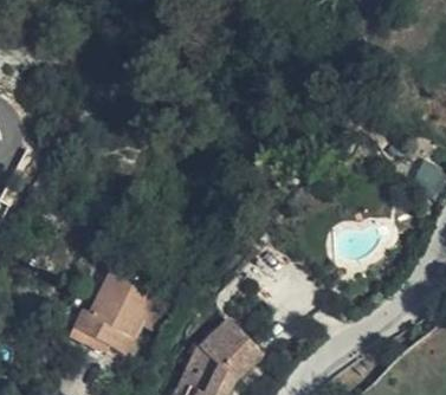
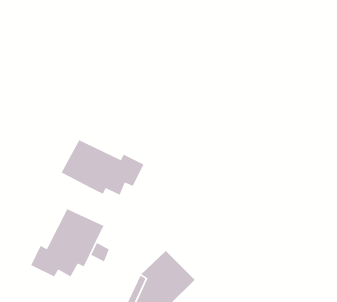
building: none -> [60,139,144,196]

